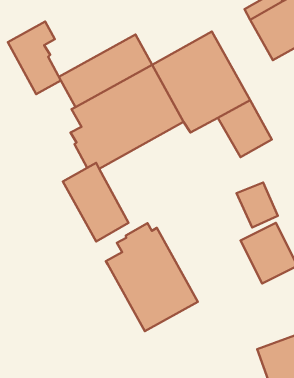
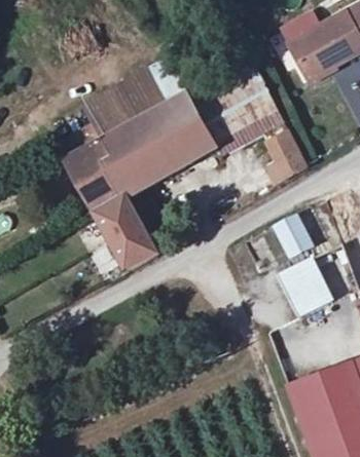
building: [8,22,61,94] -> [59,136,114,212]
building: [106,223,198,331] -> none

